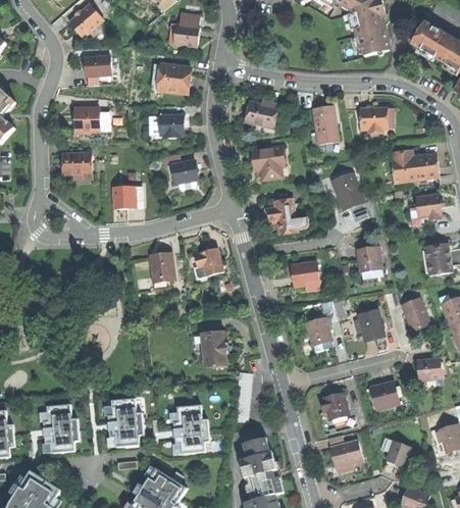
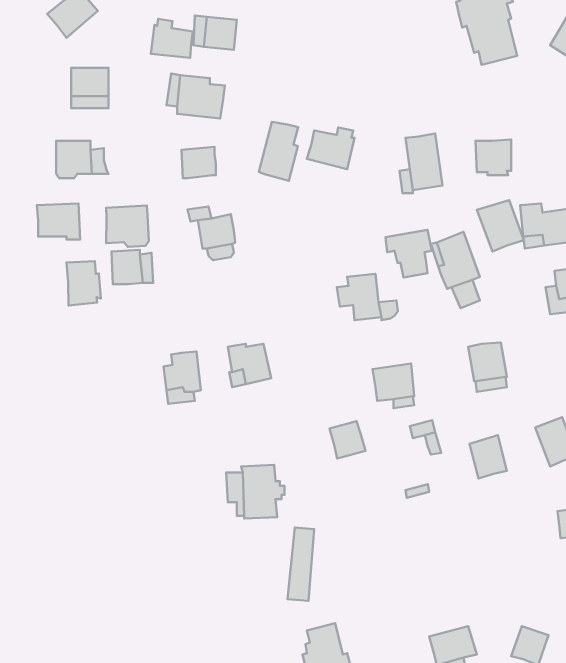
building: none -> [151,19,193,58]
building: none -> [259,122,298,181]
building: [253,146,285,179] -> [386,230,432,278]
building: none -> [477,200,524,252]
building: none -> [106,206,149,247]
building: none -> [66,261,101,306]
building: [306,318,330,344] -> [330,421,365,458]
building: [369,380,400,410] -> none
building: [320,392,348,419] -> none
building: [104,397,140,449] -> none
building: [41,403,76,455] -> none
building: [168,403,204,455] -> none

